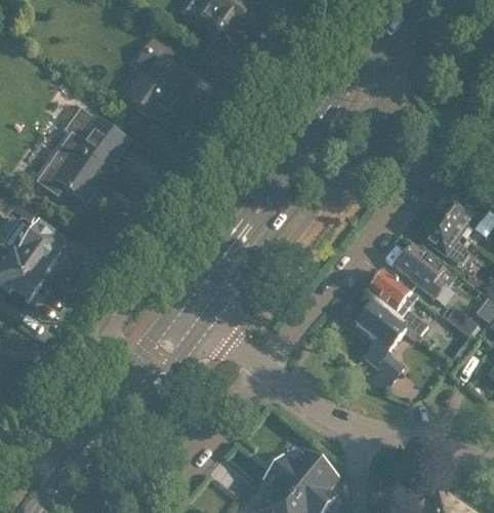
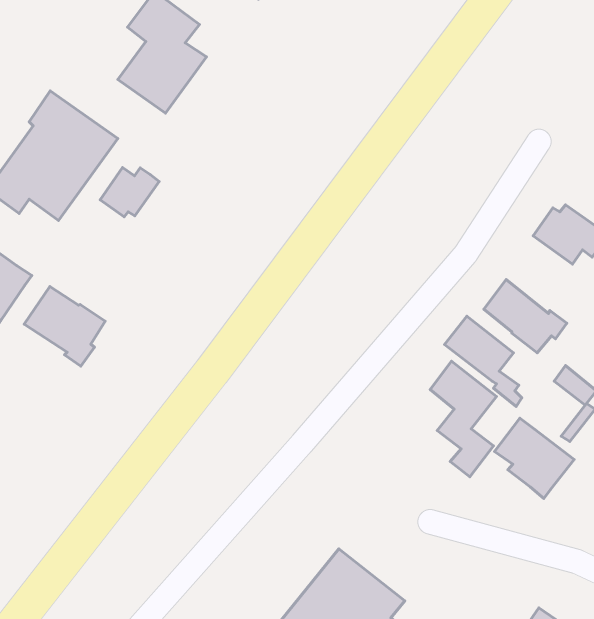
building: none -> [100,167,159,217]
building: [417,212,469,263] -> none
building: none -> [24,287,105,366]
building: none -> [494,418,574,498]

